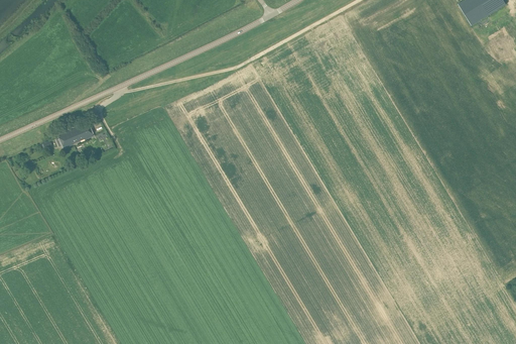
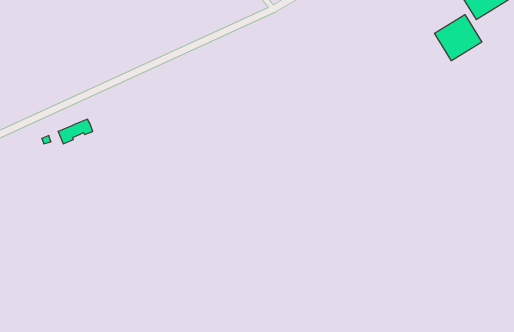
building: none -> [435,15,482,61]

